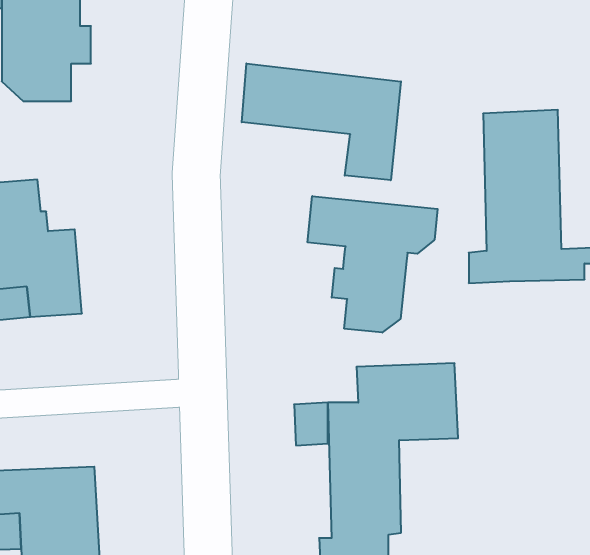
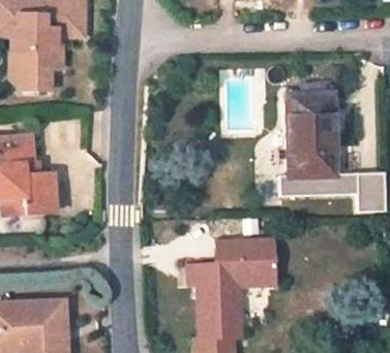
building: [242,63,401,180] -> none
building: [308,196,438,333] -> none

